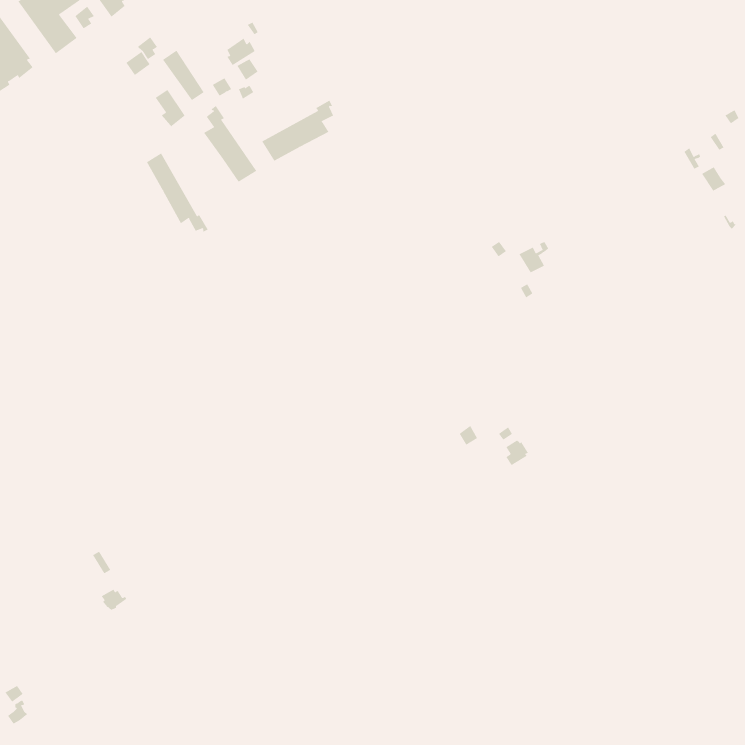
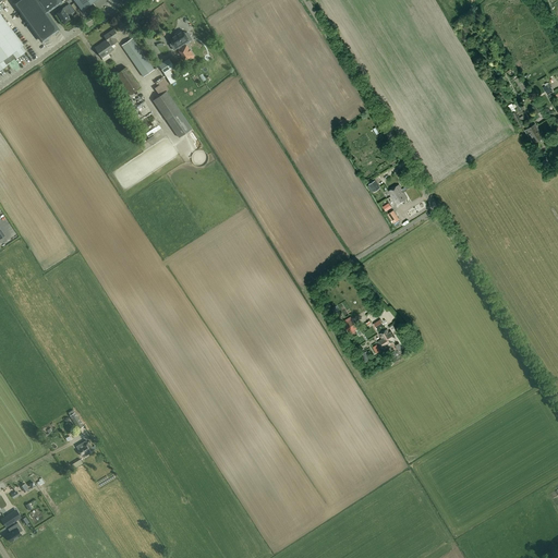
building: [262,100,334,161] -> none
building: [146,153,209,232] -> none

